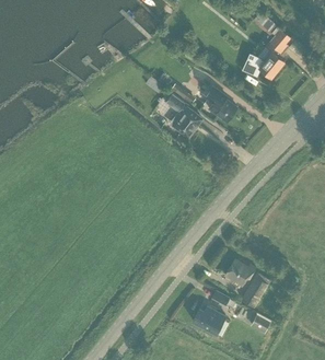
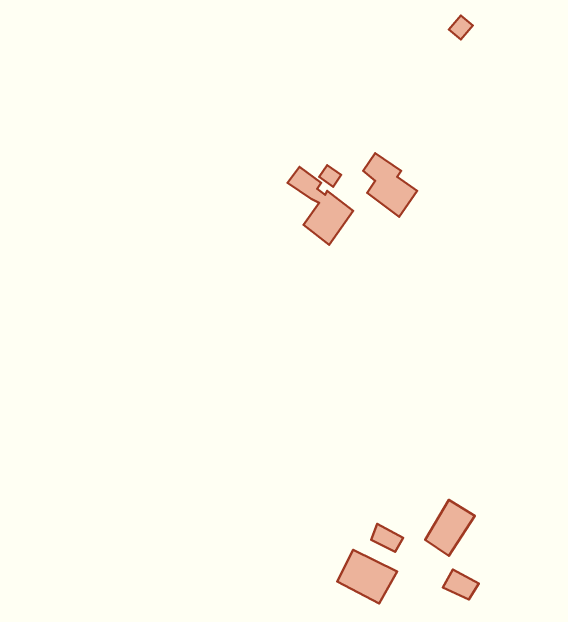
building: [241,34,286,77] -> none
building: [224,257,255,283] -> none

